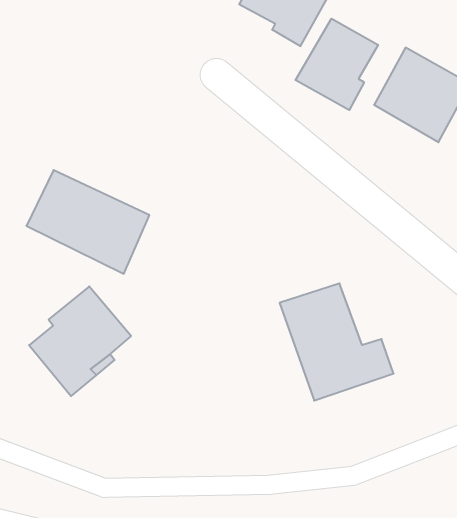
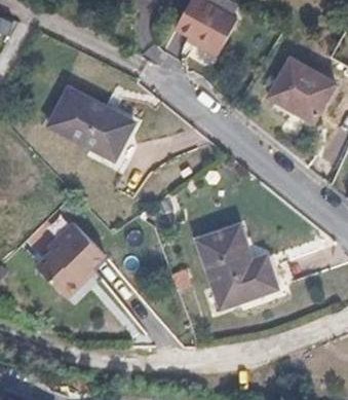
building: [295,19,378,110] -> none
building: [26,170,149,274] -> [50,90,134,161]

